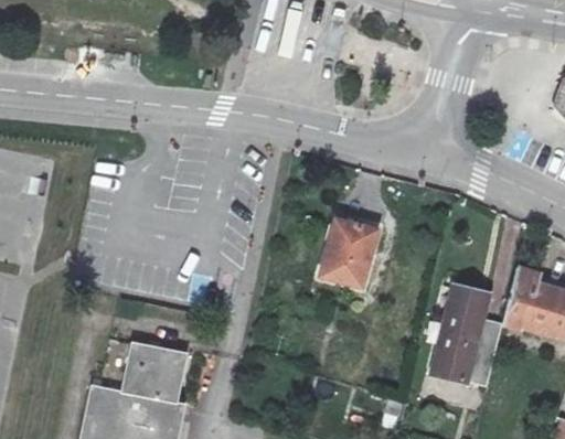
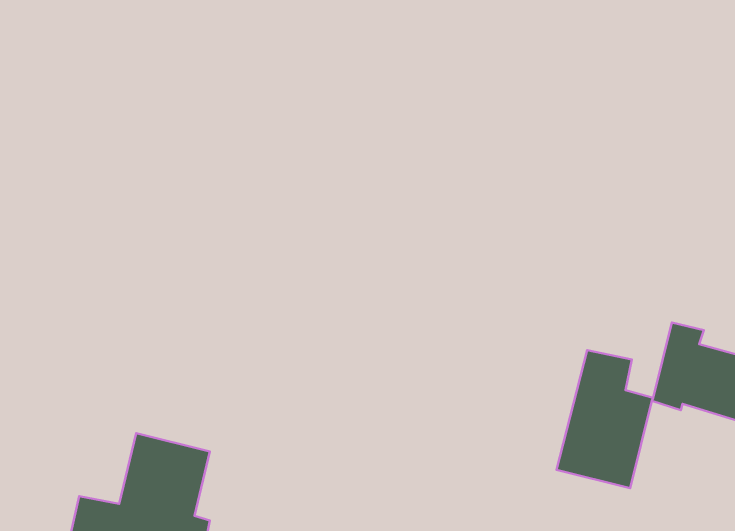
building: [321,220,376,287] -> none

